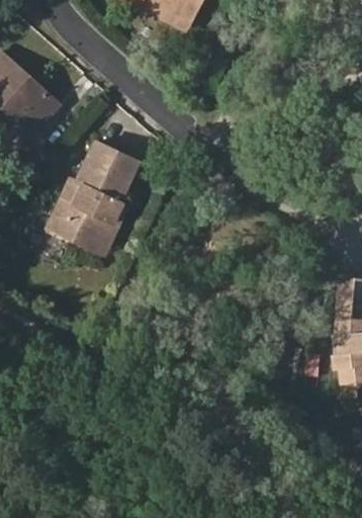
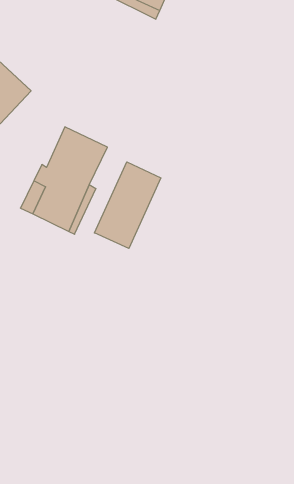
building: none -> [94,162,161,248]

